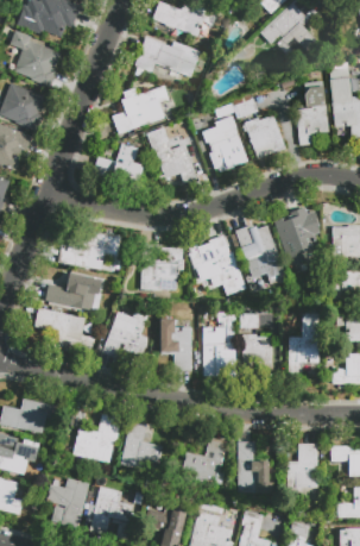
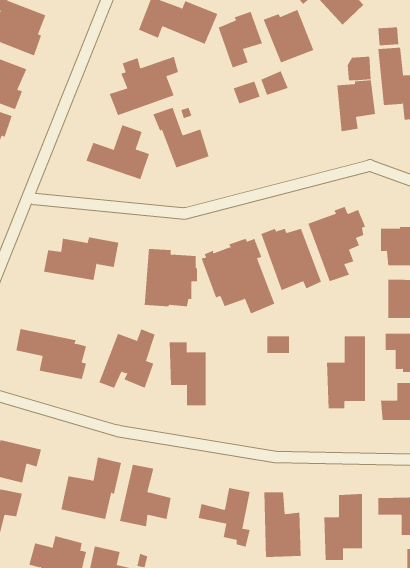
building: [244,114,285,158] -> [263,9,314,63]
building: [208,126,245,172] -> [218,11,263,68]
building: [45,272,102,308] -> none
building: [202,313,235,375] -> none
building: [242,334,272,375] -> none

